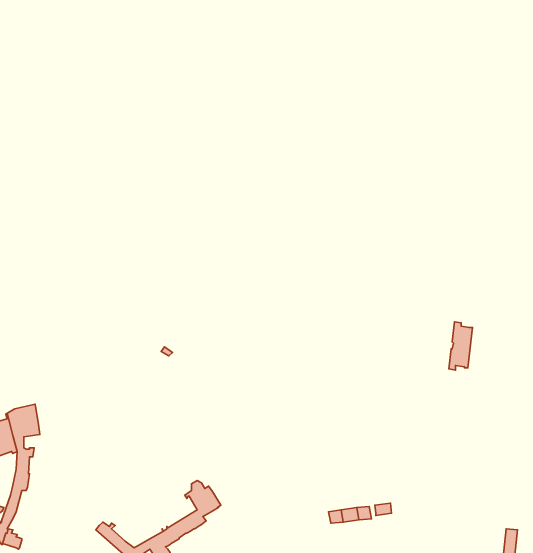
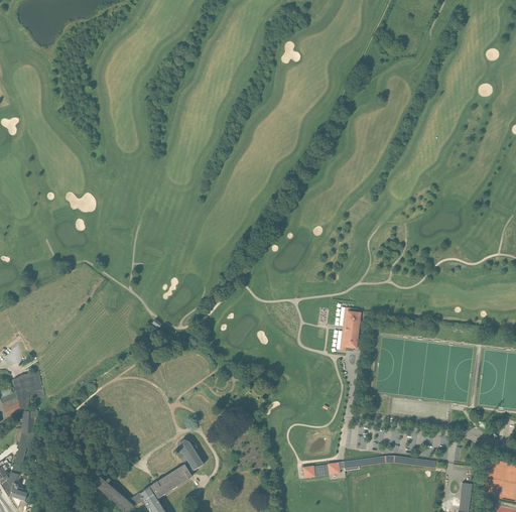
building: [449,322,472,370] -> [340,307,361,351]

